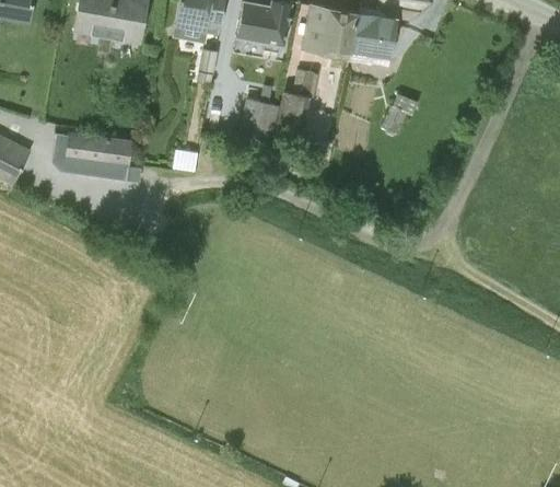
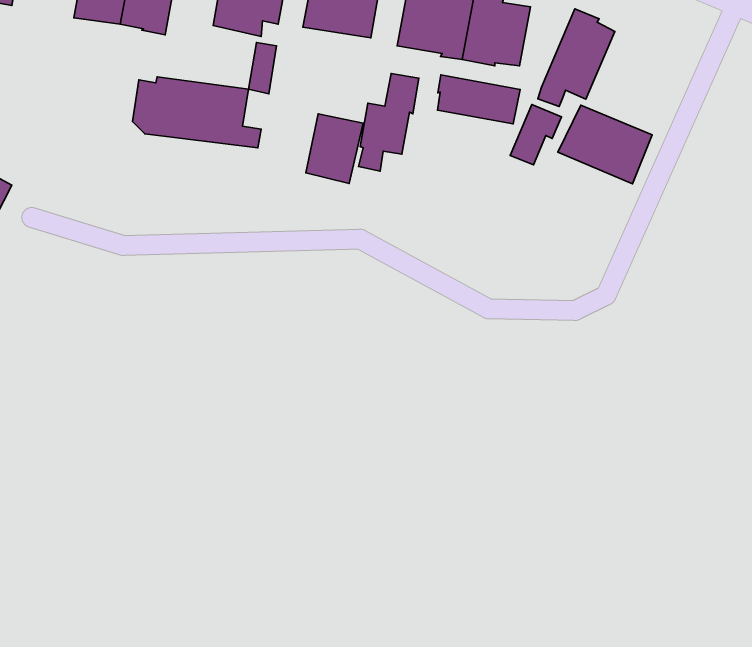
building: none -> [538,9,615,106]
building: none -> [437,75,520,124]
building: none -> [558,105,652,184]
building: [50,131,141,182] -> [133,77,261,148]

